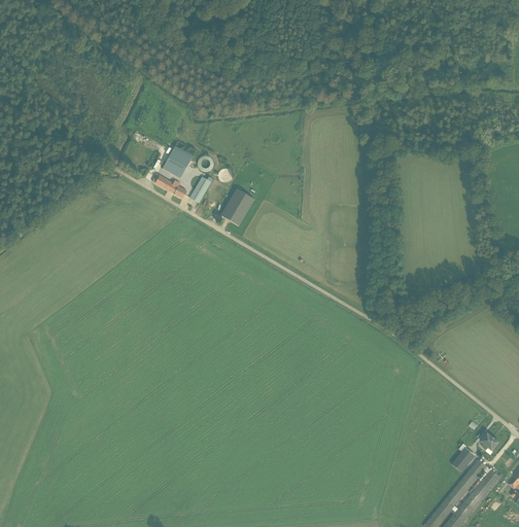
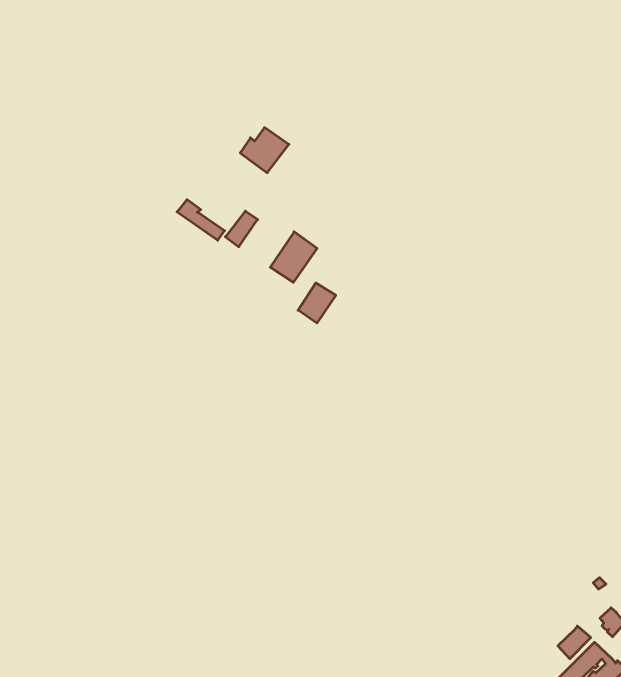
building: [160,146,194,178] -> [240,128,289,173]
building: none -> [298,283,336,323]

